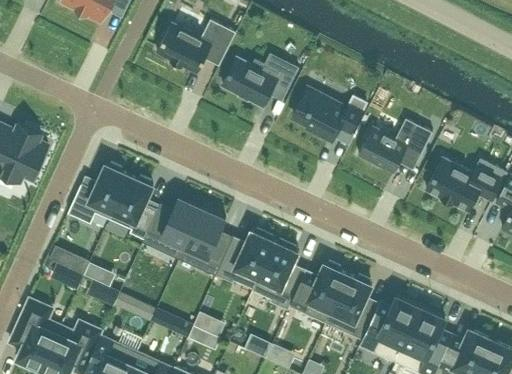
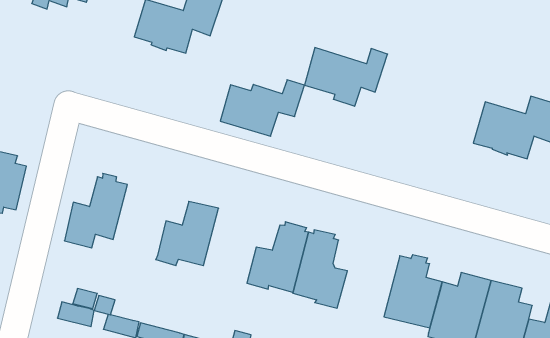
building: [222,57,298,106] -> [220,80,305,136]
building: [357,118,432,173] -> none
building: [109,175,158,239] -> none
building: [181,208,229,276] -> none
building: [287,262,347,327] -> none

